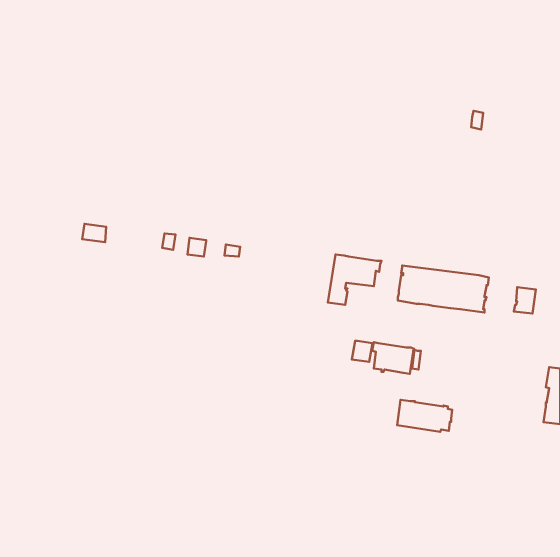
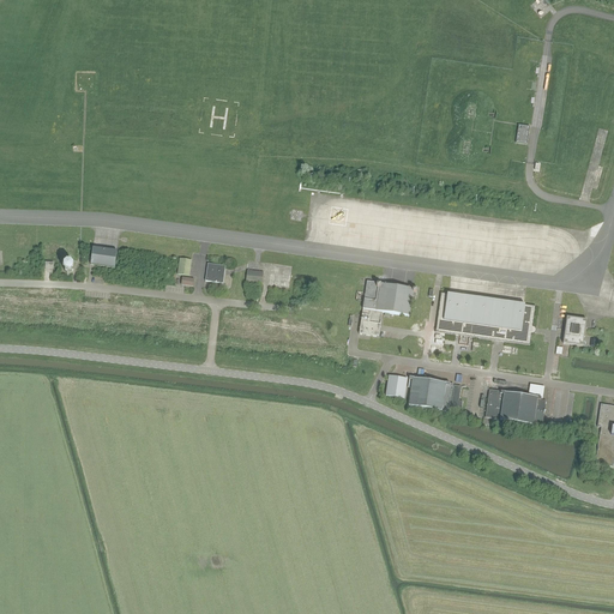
building: [397,400,452,432] -> [486,387,546,422]

